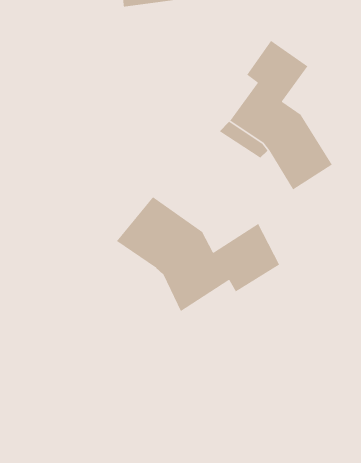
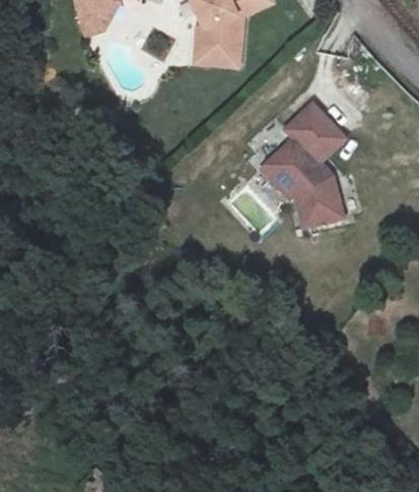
building: [116,196,280,312] -> none

